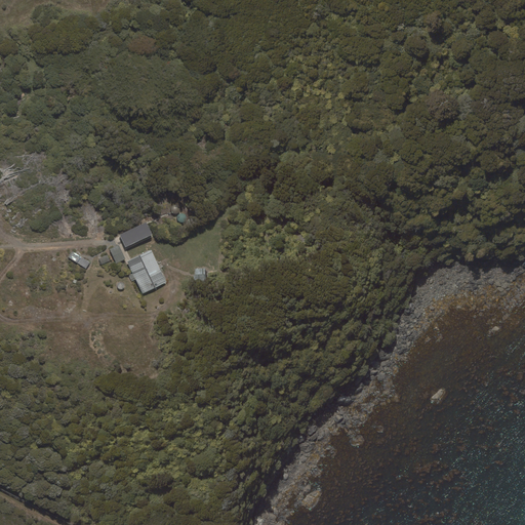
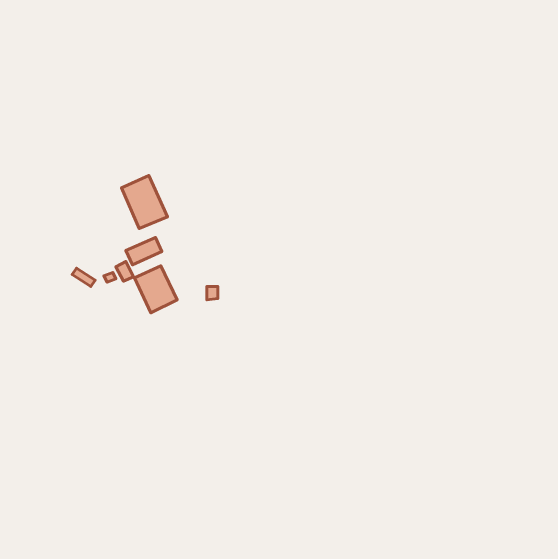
building: none -> [122,175,167,229]

